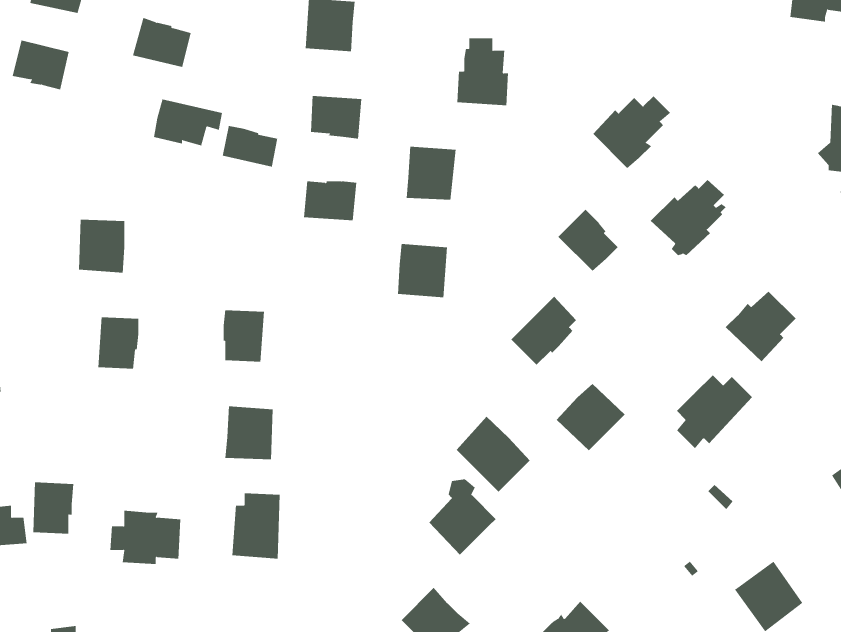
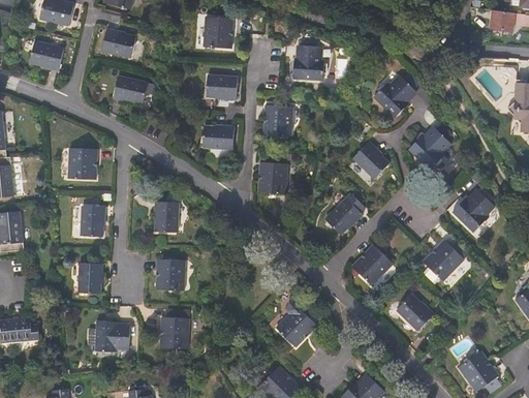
building: [222,125,278,168] -> none
building: [456,416,531,493] -> none
building: none -> [397,295,435,331]
building: [32,482,74,534] -> [79,263,103,294]

